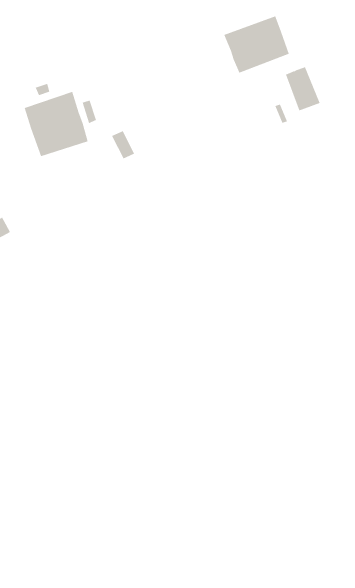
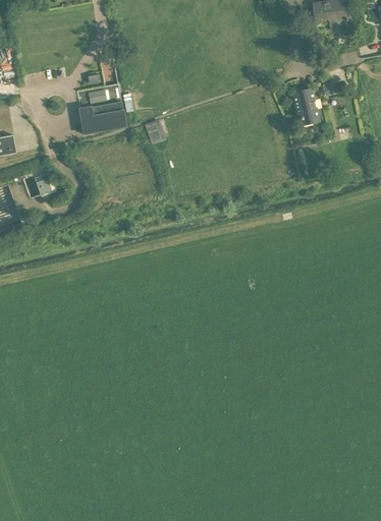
building: [224,15,289,73] -> none

